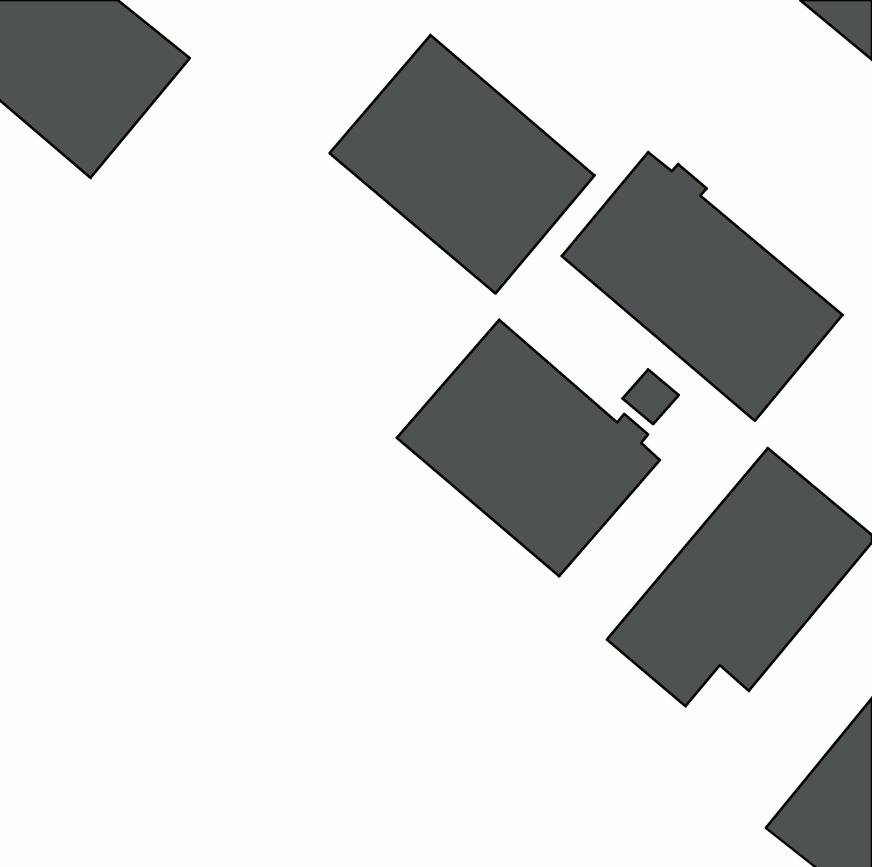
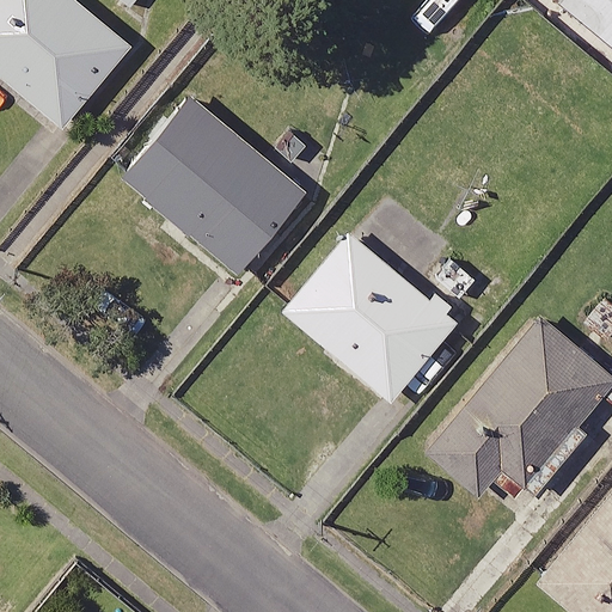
building: [330,35,595,293] -> [121,94,306,275]
building: [562,152,843,421] -> none

